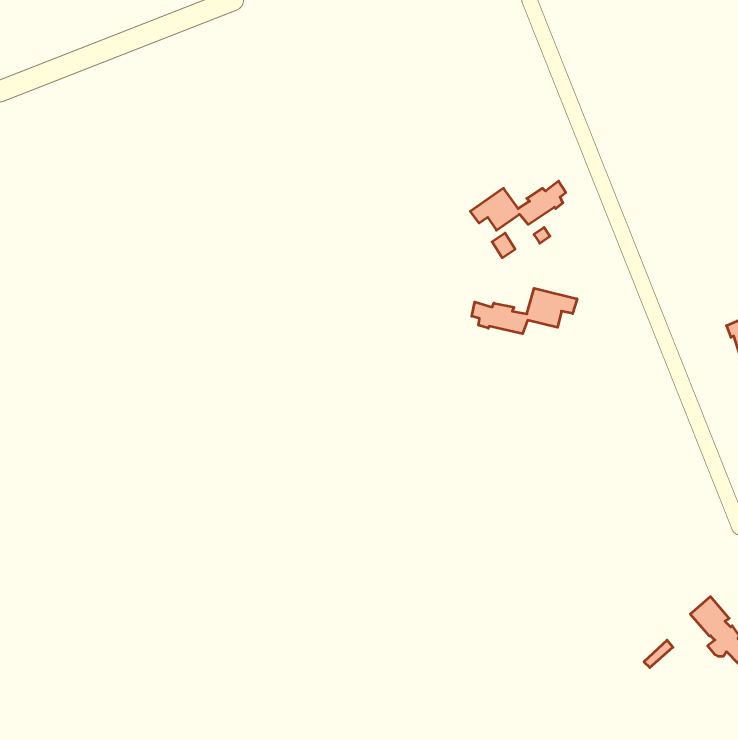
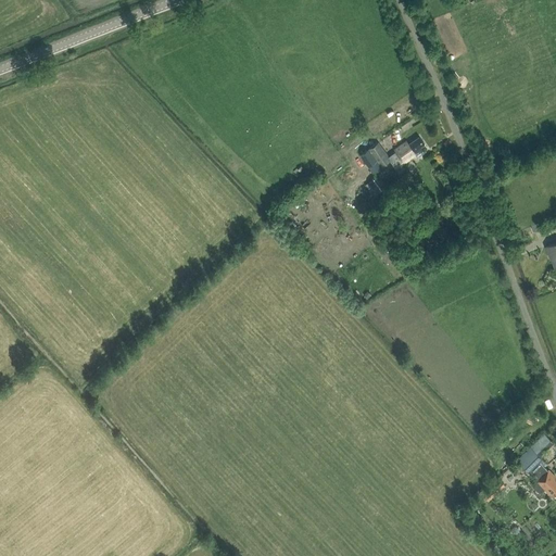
building: [472,288,577,334] -> none

